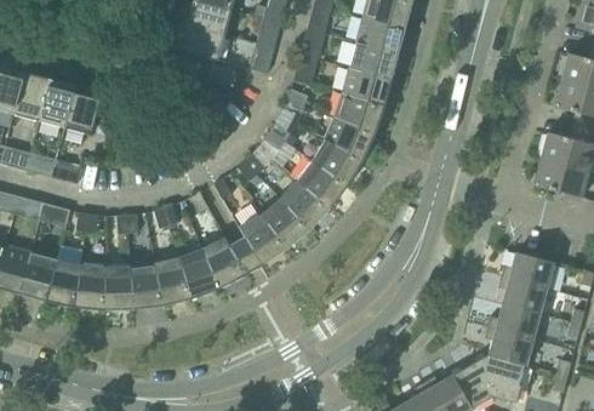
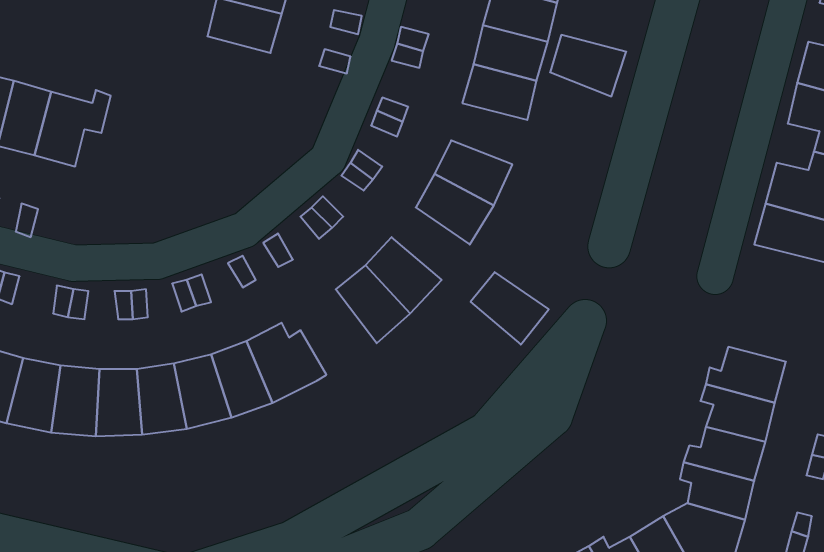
building: [336,92,385,132] -> [550,35,626,96]
building: [297,160,348,207] -> [471,272,549,345]
building: [238,213,287,269] -> none

